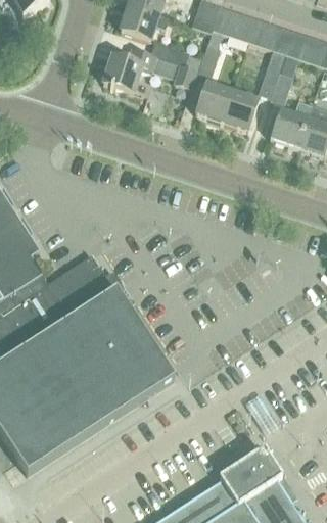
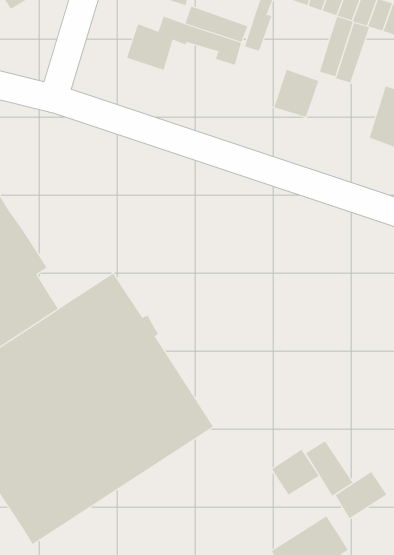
building: [196,82,232,122] -> none
building: [270,100,312,146] -> none
building: none -> [271,449,319,495]
building: none -> [335,471,387,519]

